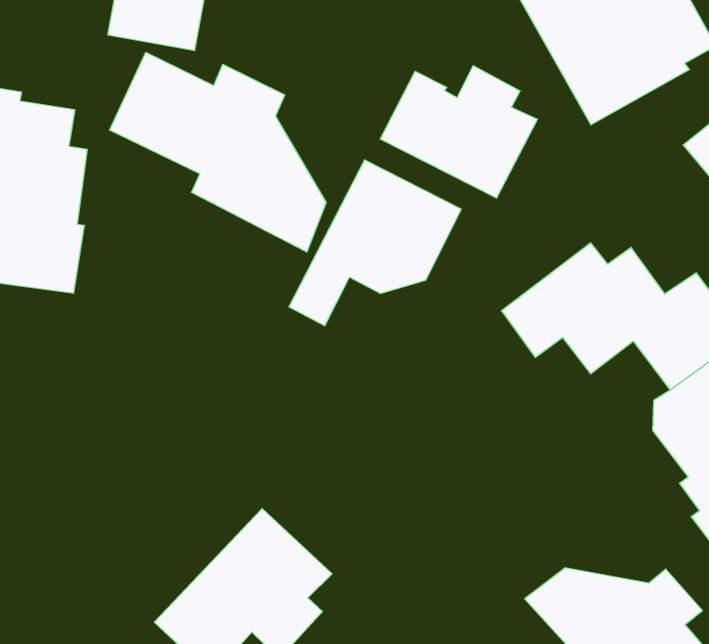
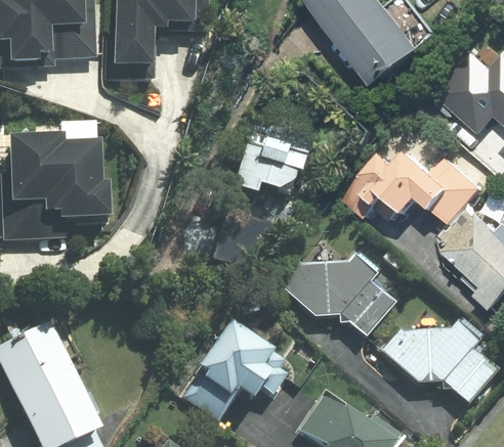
building: [110,52,326,252] -> none
building: [380,66,537,198] -> none
building: none -> [281,252,396,337]

